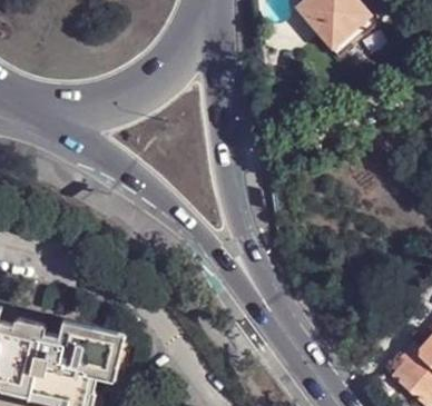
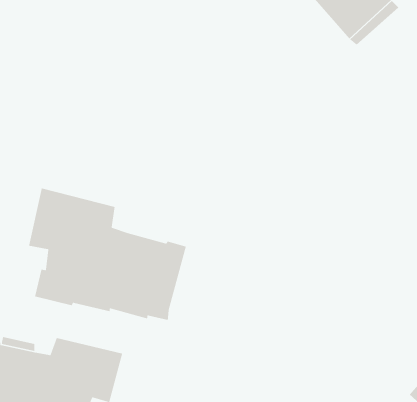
building: none -> [28,188,187,321]

